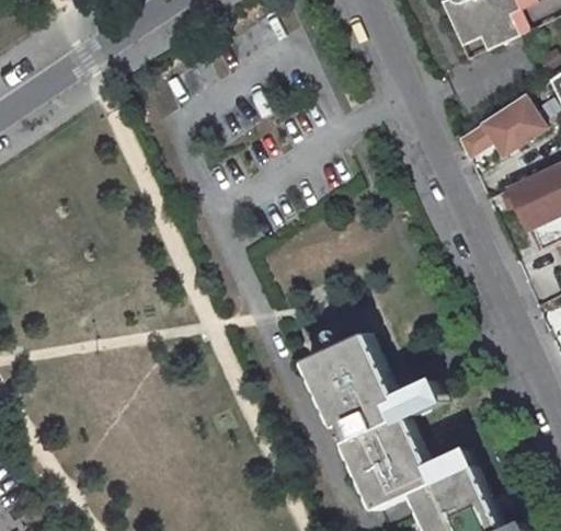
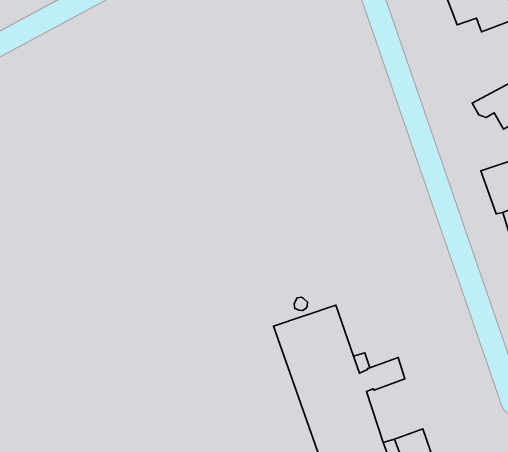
building: [457,122,517,157] -> none

